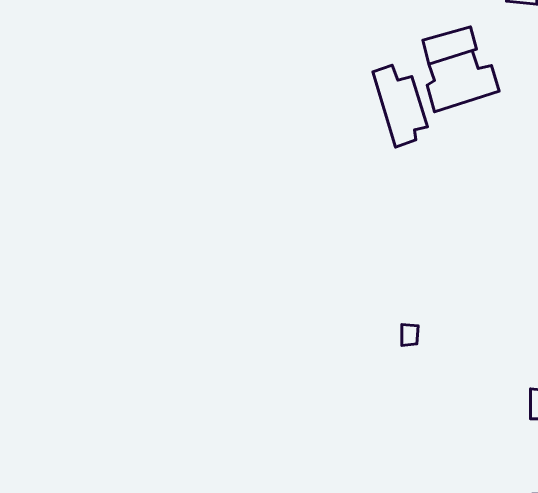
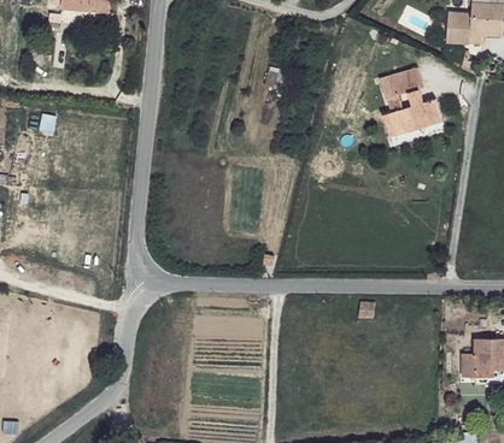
building: [373,65,428,147] -> none

